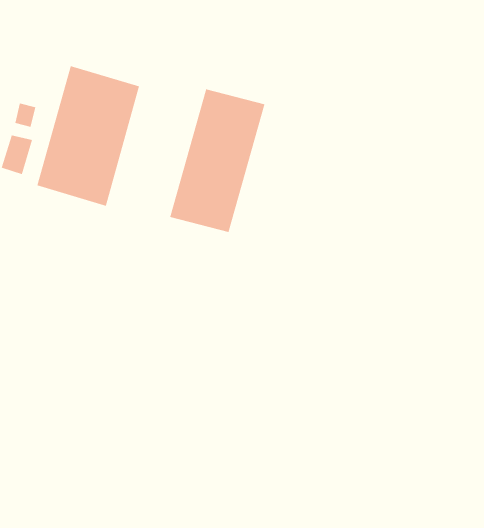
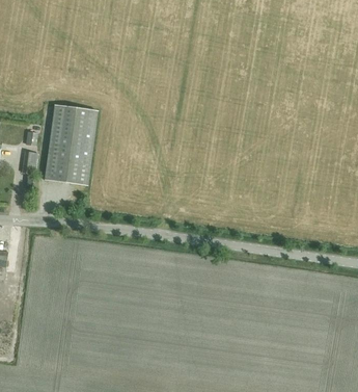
building: [170,89,265,233] -> none

